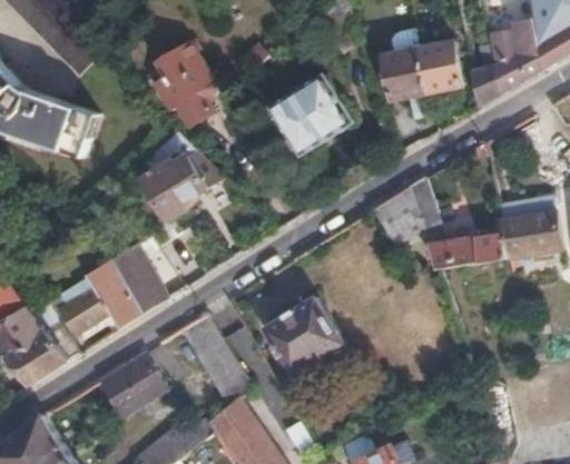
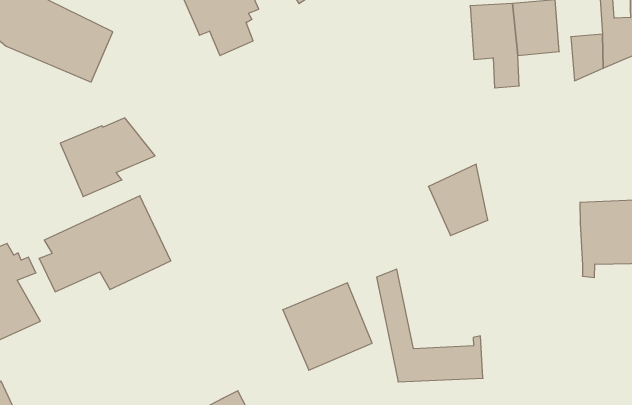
building: [271,71,352,152] -> none
building: [142,150,222,219] -> [60,118,155,197]
building: [407,176,505,268] -> [377,269,483,382]
building: [180,314,249,404] -> none
building: [98,351,165,416] -> none

